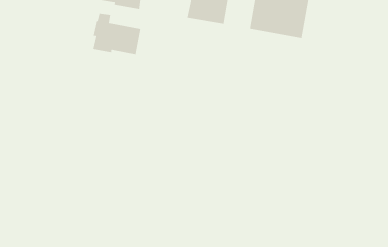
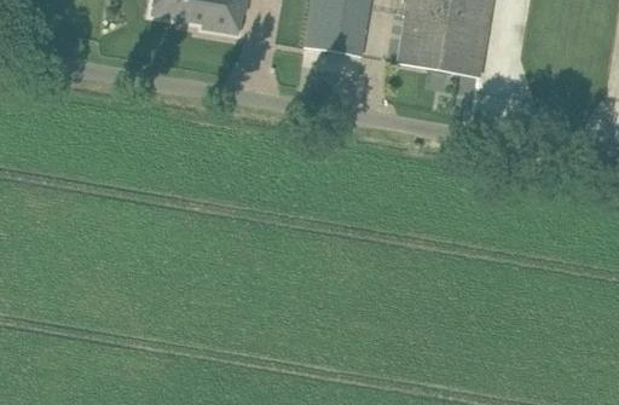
building: [92,13,141,55] -> none

